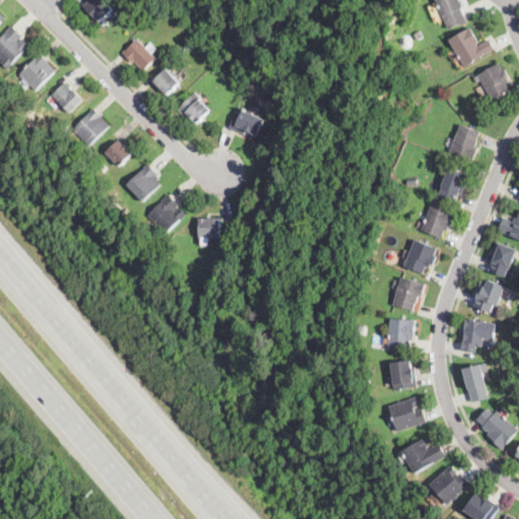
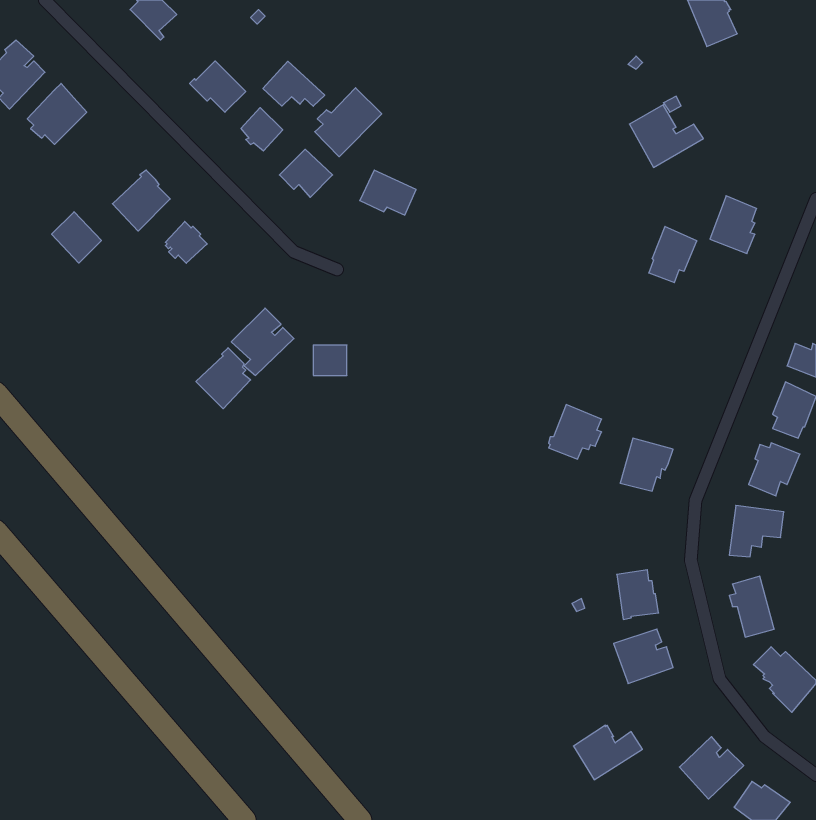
building: [447,27,494,67] -> [629,105,703,167]
building: none -> [263,61,325,106]
building: none -> [315,88,382,157]
building: [471,64,508,100] -> none
building: [51,81,82,114] -> [52,212,101,263]
building: [126,163,160,202] -> [196,348,251,409]
building: [438,166,468,202] -> [649,226,697,283]
building: [420,203,454,238] -> none
building: [402,239,436,274] -> [549,405,602,459]
building: [386,318,415,349] -> none
building: [400,439,444,473] -> [573,725,642,780]

